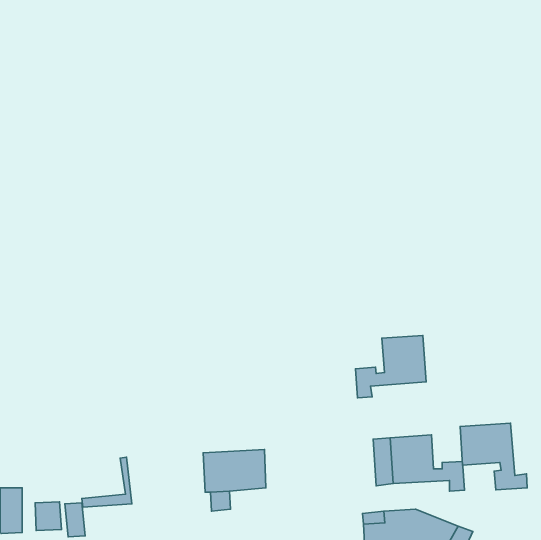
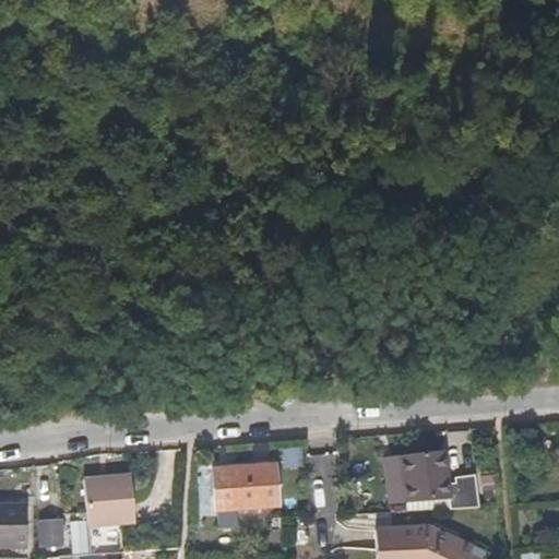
building: [355,336,426,398] -> none
building: [460,423,527,490] -> none
building: none -> [83,474,131,515]

